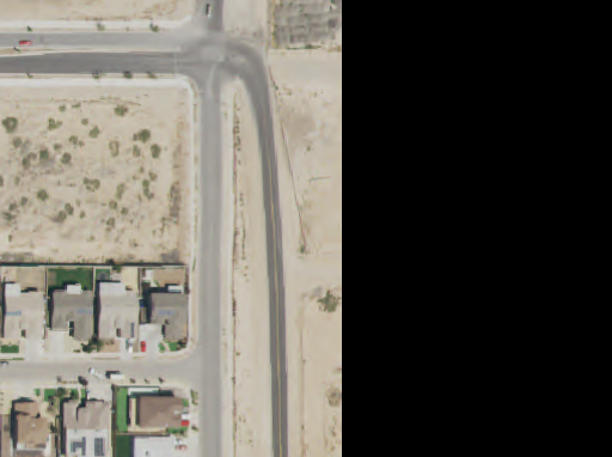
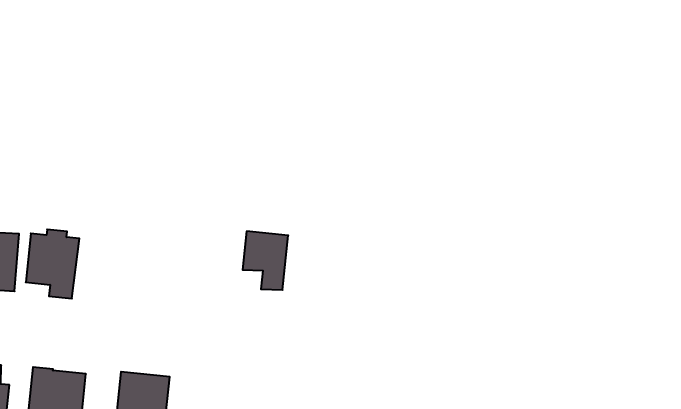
building: [98,284,137,339] -> none
building: [148,293,183,340] -> [243,231,288,290]

